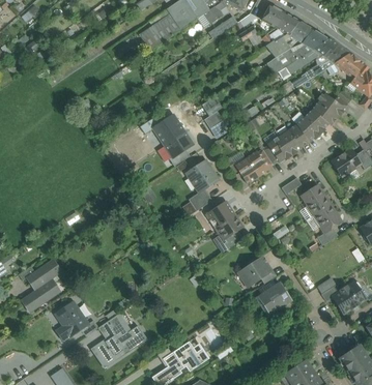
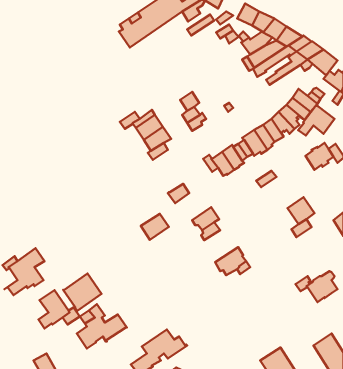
building: none -> [298,105,335,136]
building: [188,161,217,191] -> none
building: [302,185,330,216] -> none
building: [205,202,234,229] -> [141,214,169,240]
building: [258,284,291,315] -> none
building: none -> [63,274,102,311]

